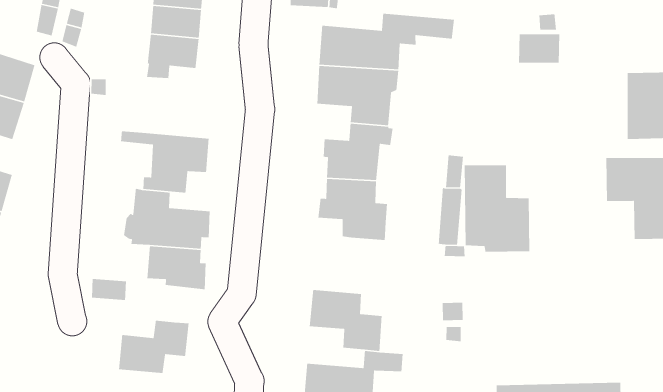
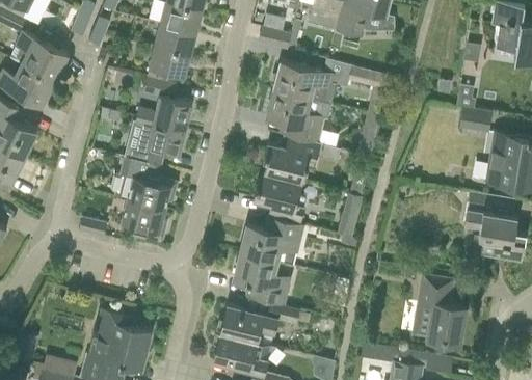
building: [518,33,560,64] -> [457,107,491,134]
building: none -> [136,78,191,130]
building: [464,164,530,252] -> [413,276,466,348]
building: none -> [240,220,302,266]
building: [118,320,190,374] -> none

